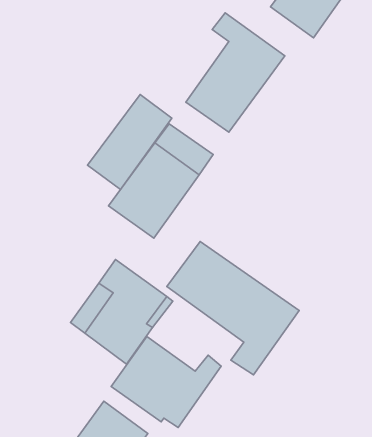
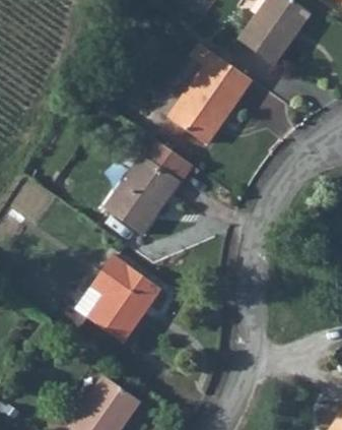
building: [87,94,172,189] -> none
building: [167,241,299,375] -> none
building: [111,336,221,427] -> none

